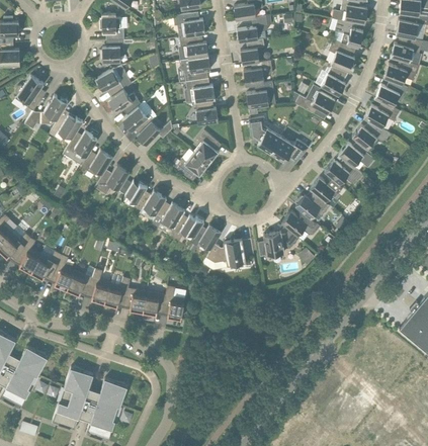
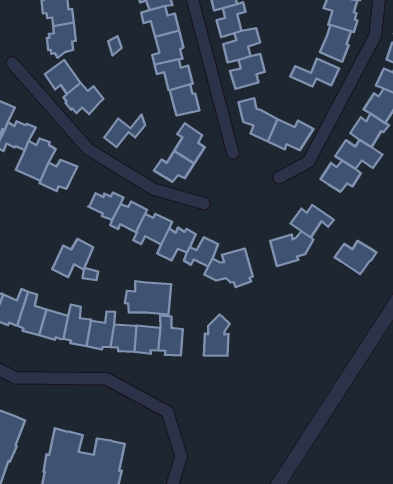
building: [122,106,153,132] -> none
building: [94,165,130,195] -> [52,239,93,277]
building: [295,194,330,221] -> [335,241,376,274]
building: none -> [125,281,171,315]
building: none -> [204,314,230,356]

